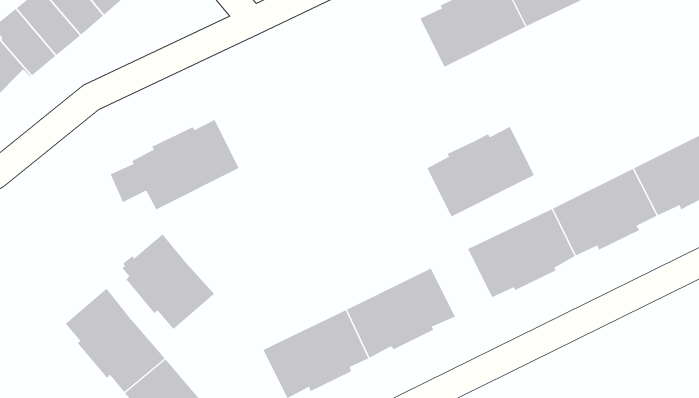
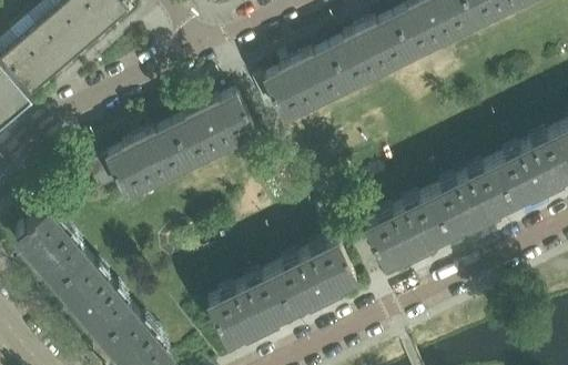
building: none -> [171,97,254,166]
building: [427,126,535,217] -> [264,51,347,121]
building: [121,233,215,330] -> [16,212,88,286]

